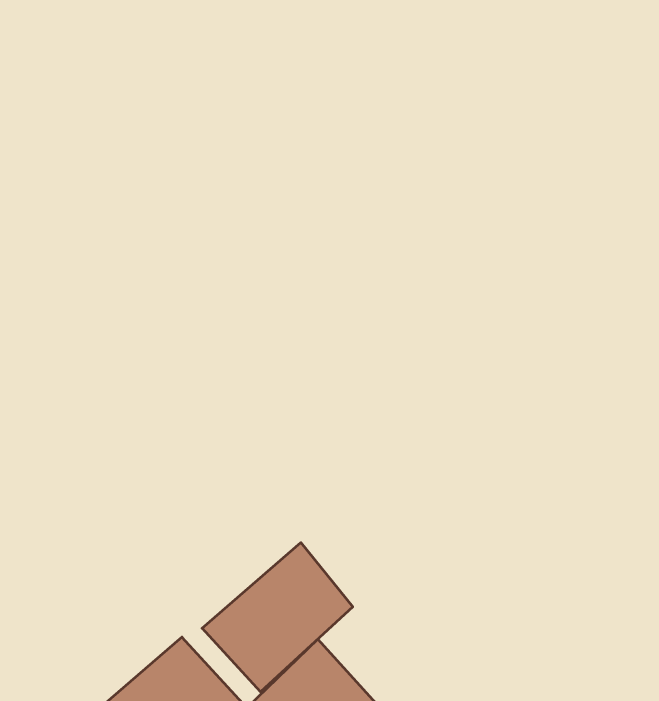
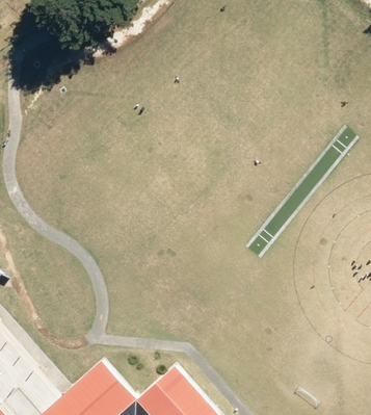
building: [202,543,353,692] -> none

